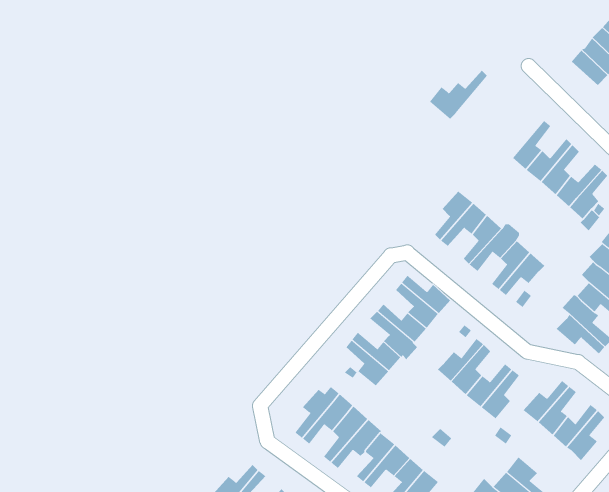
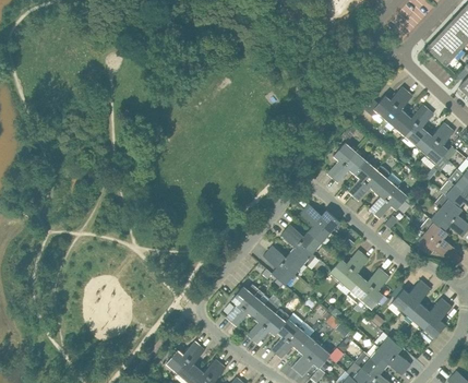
building: [429,70,488,120] -> [364,86,407,122]

